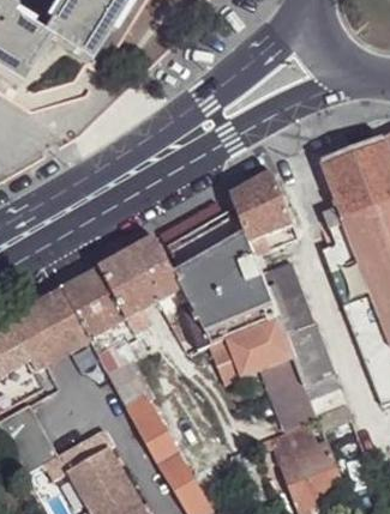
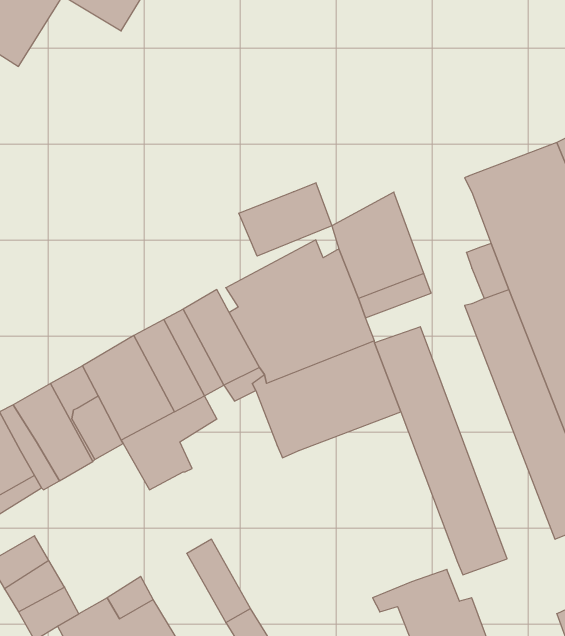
building: none -> [239,183,332,256]
building: [208,318,316,431] -> none
building: [107,358,150,413] -> none

